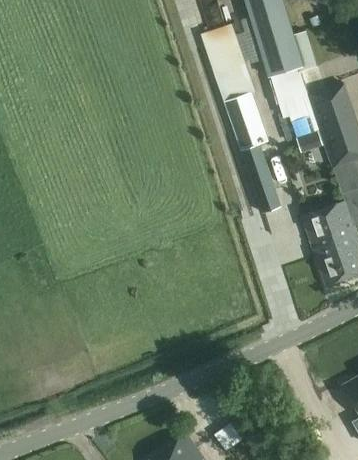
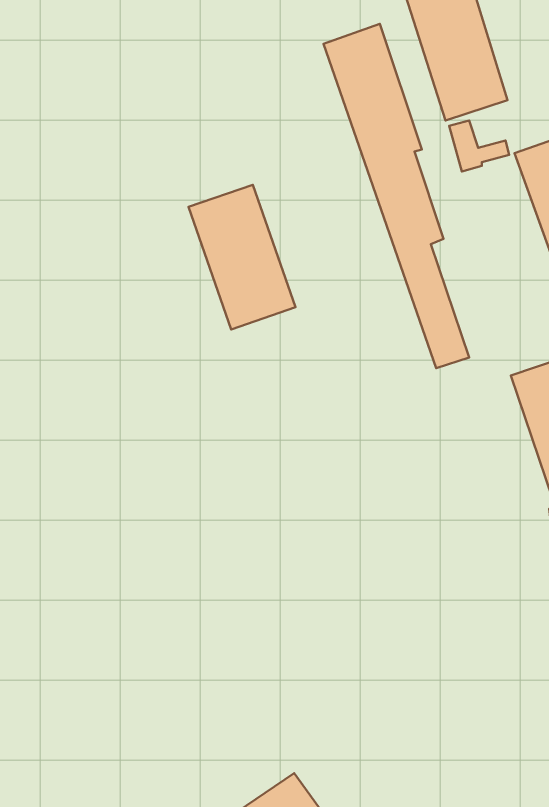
building: none -> [189,185,296,329]

